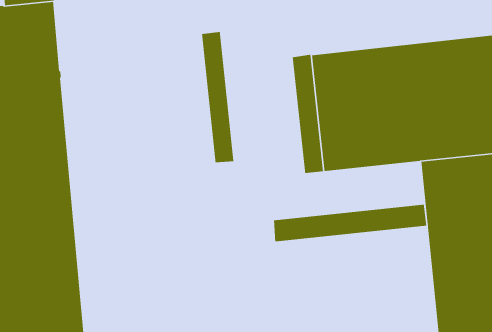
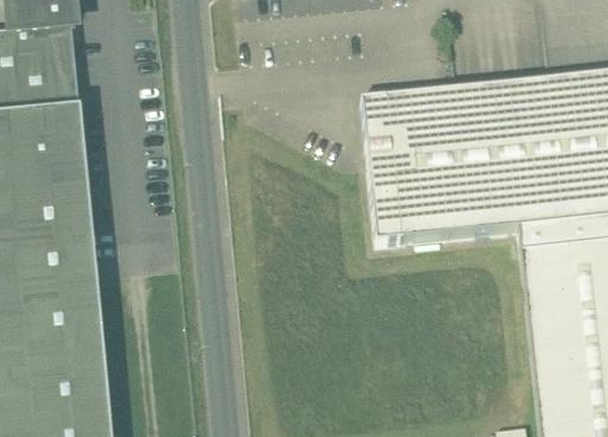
building: [201,31,235,163] -> none
building: [273,204,427,242] -> none

